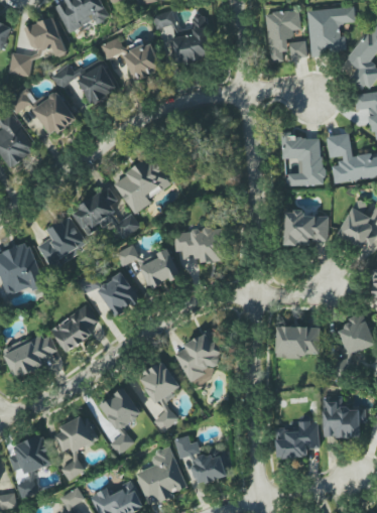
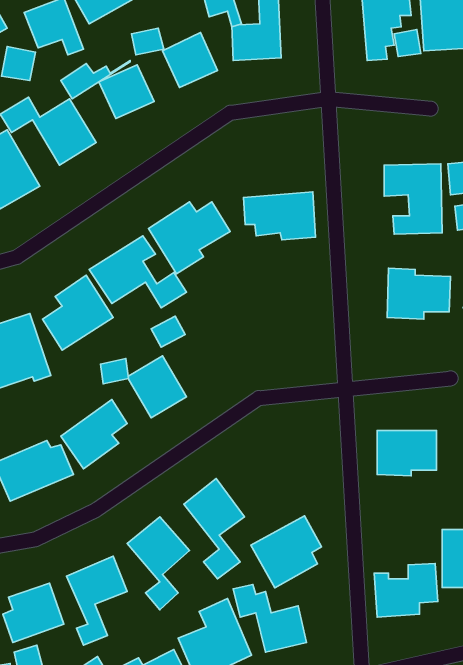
building: [173,228,225,262] -> [244,192,316,240]
building: [138,248,180,289] -> none
building: [172,330,223,381] -> [251,516,322,588]

